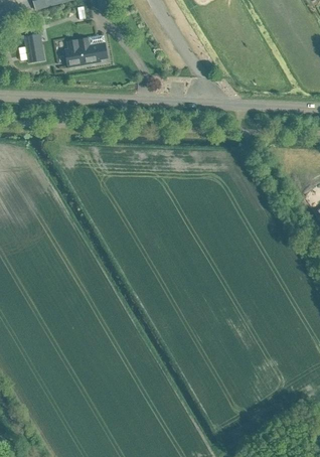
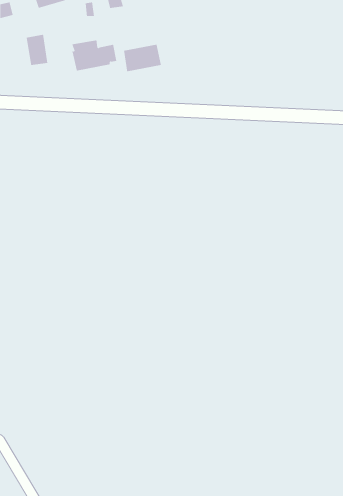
building: none -> [123,44,162,72]

